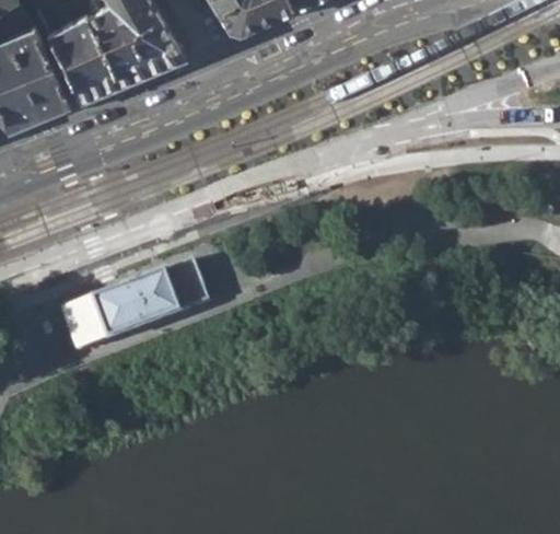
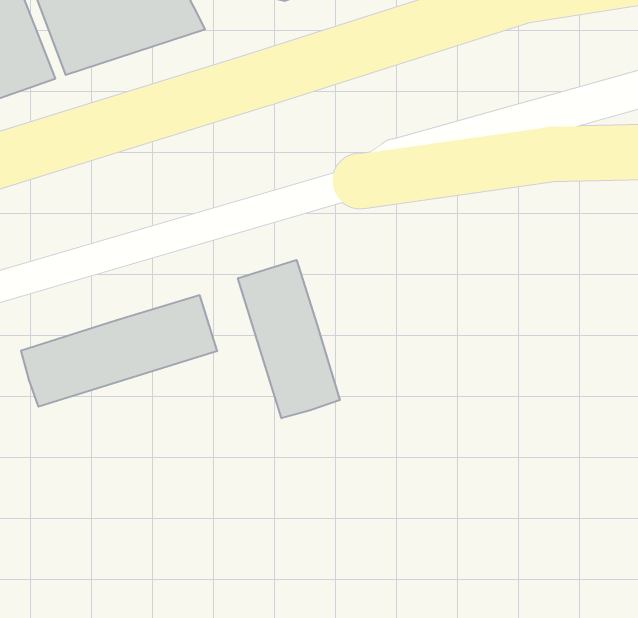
building: none -> [238,260,340,418]

